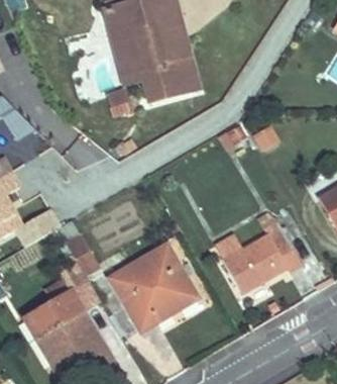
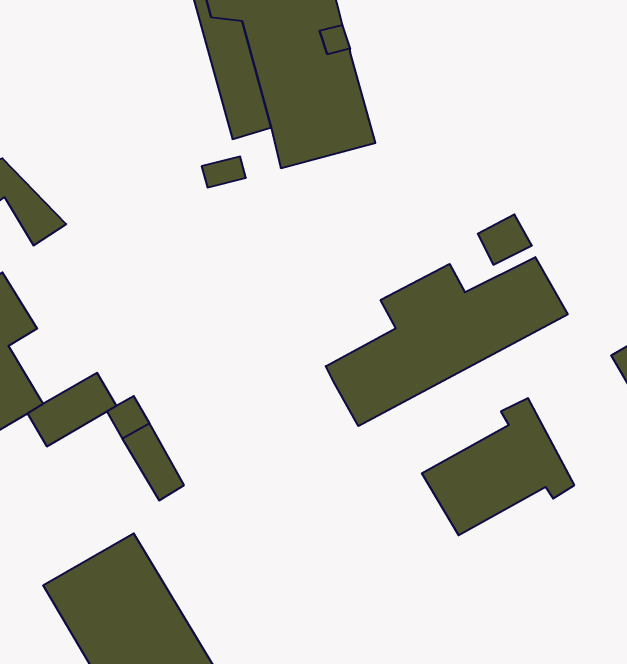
building: none -> [326,257,568,426]
building: [109,244,197,330] -> none

